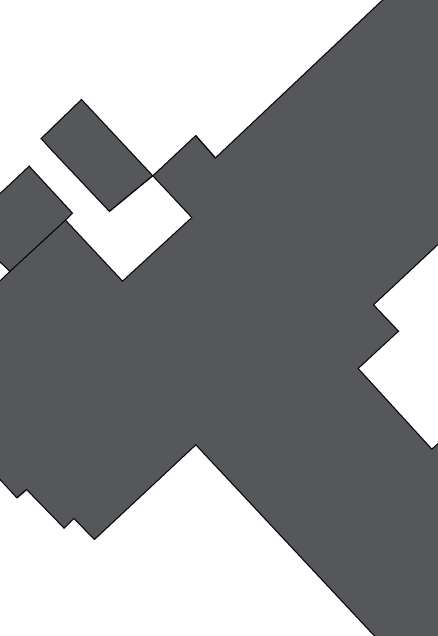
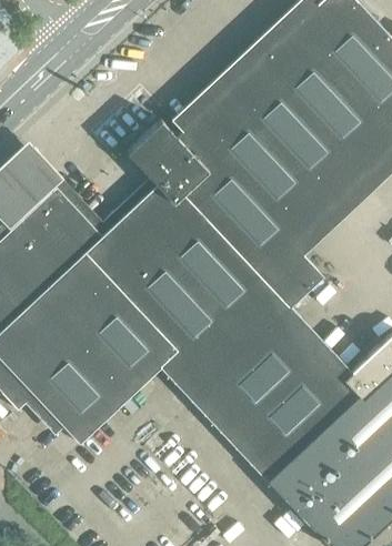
building: [41,99,153,211] -> none

